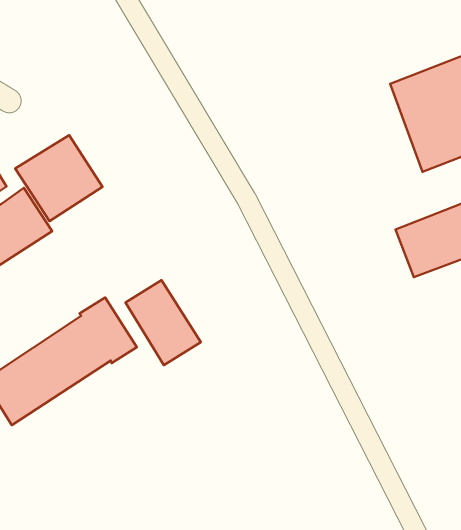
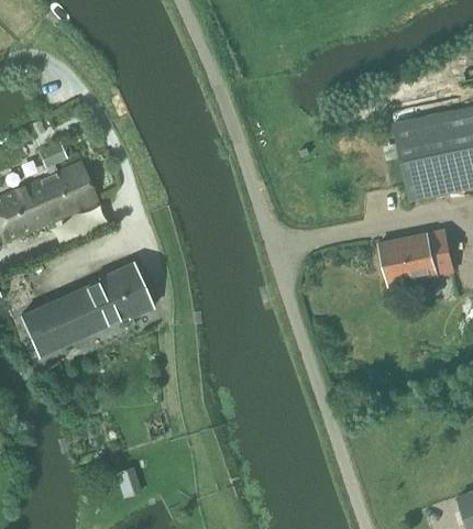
building: [15,135,102,221] -> none
building: [126,280,201,365] -> none

